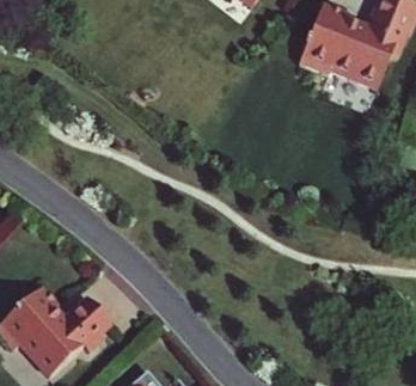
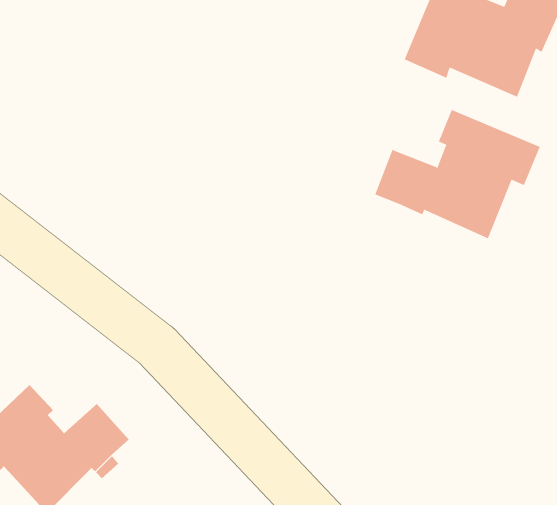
building: none -> [374,109,541,239]

